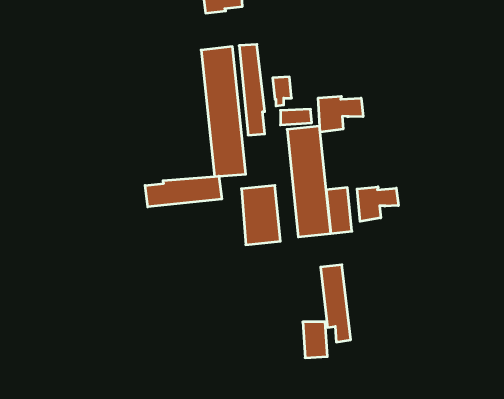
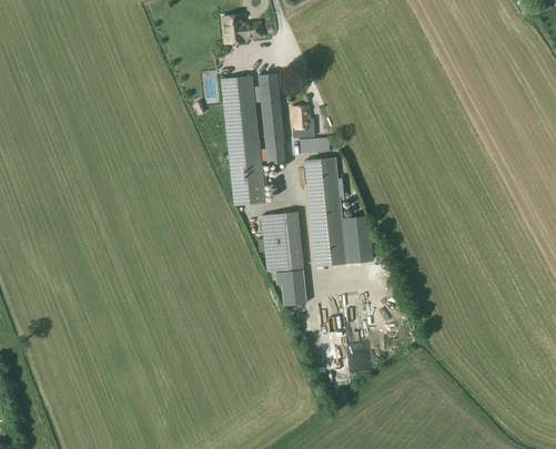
building: [318,96,363,132] -> none
building: [145,176,222,207] -> none
building: [357,187,398,221] -> none
building: none -> [275,269,306,304]

